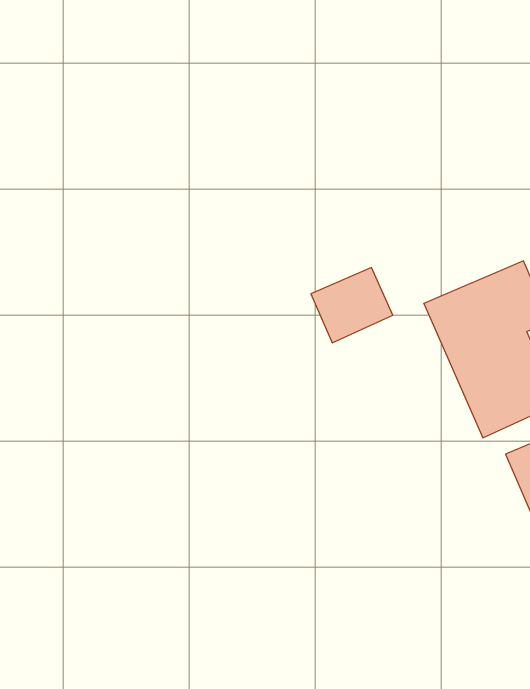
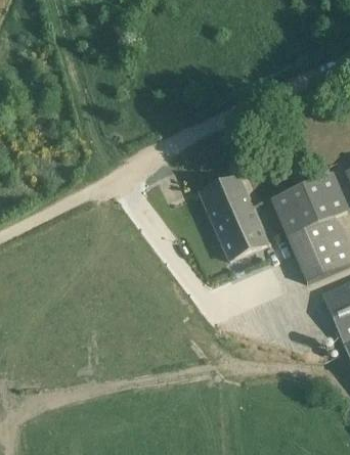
building: none -> [213,204,267,259]

